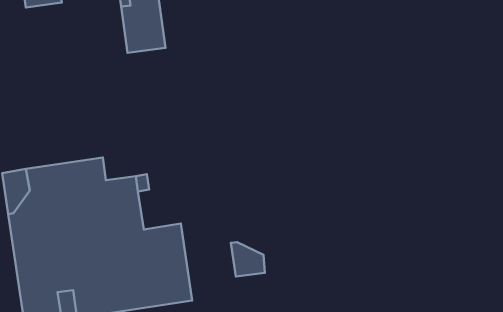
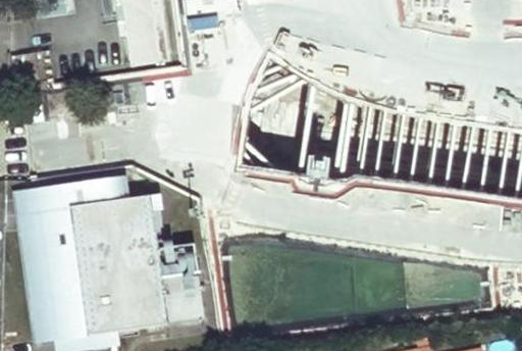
building: [231,242,265,277] -> none

